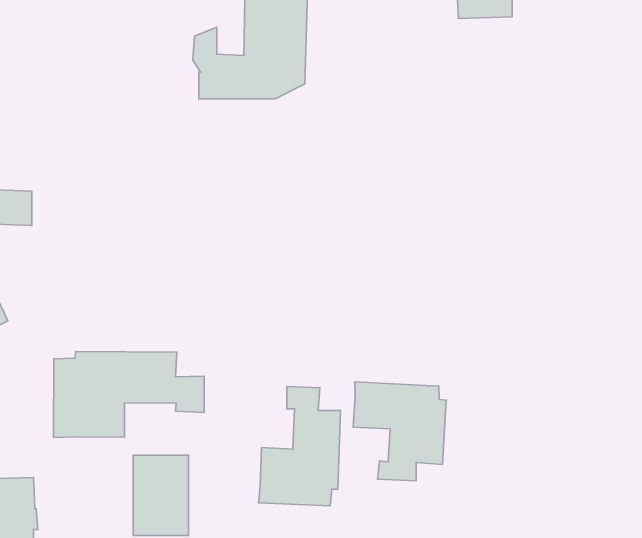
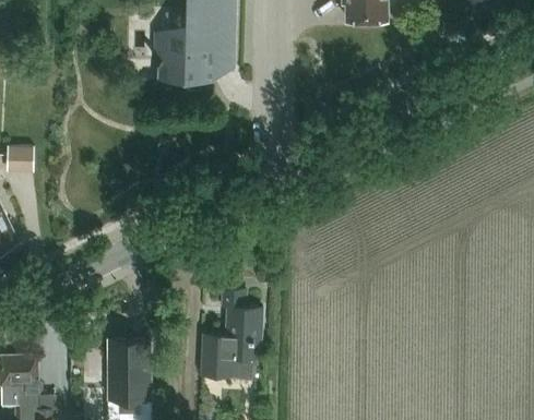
building: [54,352,204,438] -> none
building: [353,382,446,481] -> none

